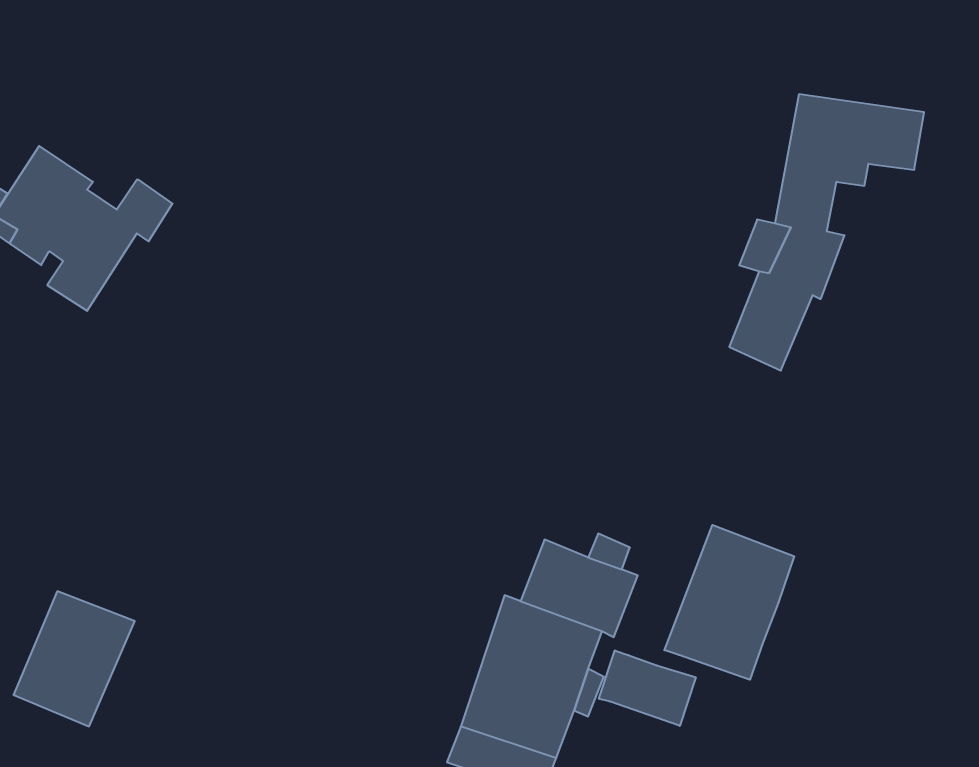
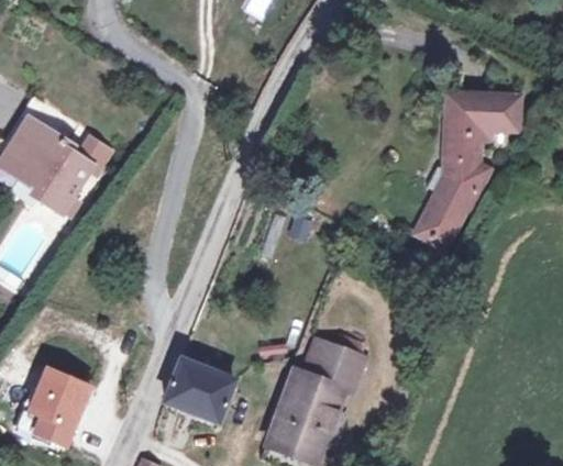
building: [664,525,794,680] -> none
building: none -> [165,357,234,422]
building: [599,650,696,726] -> none

